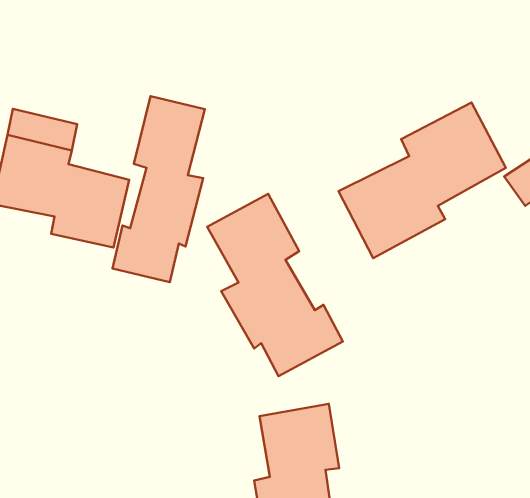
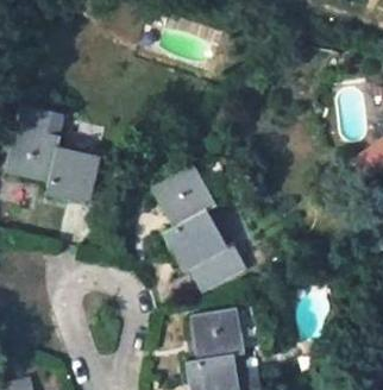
building: [113,96,205,282] -> none
building: [338,103,506,258] -> none

